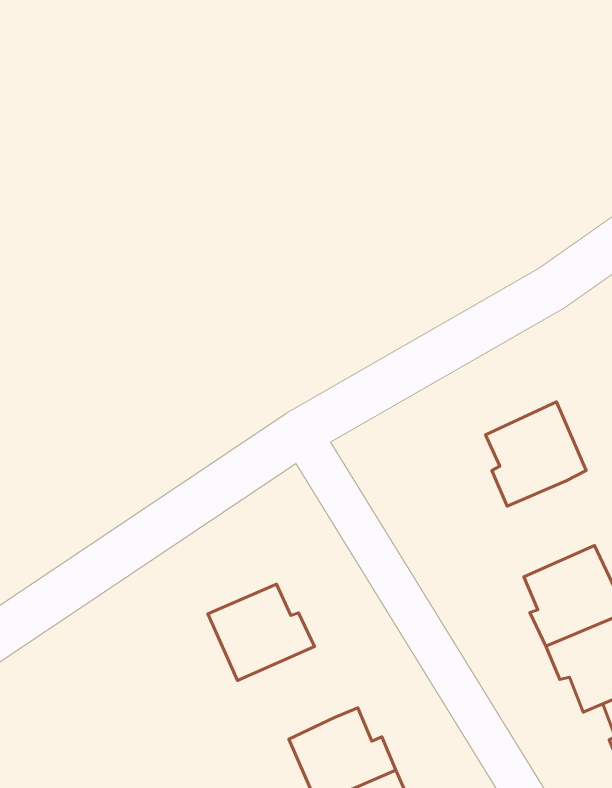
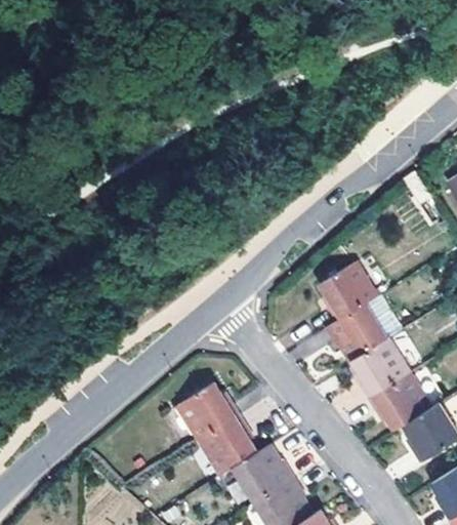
building: none -> [326,305,387,361]
building: none -> [200,415,256,476]

